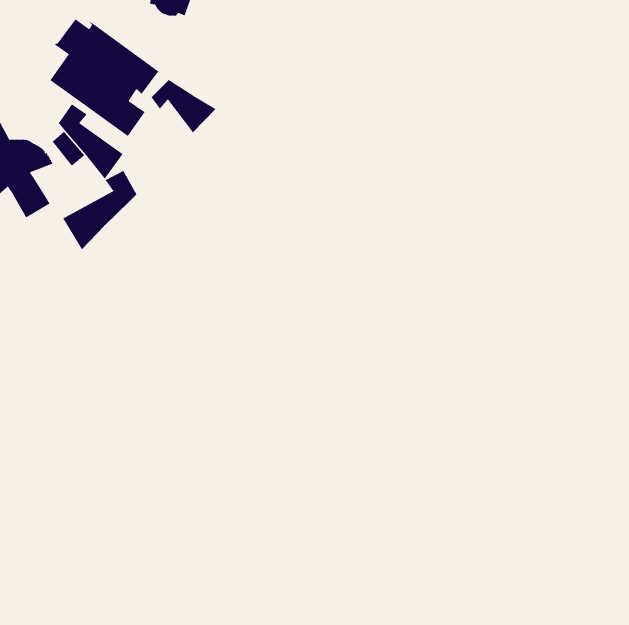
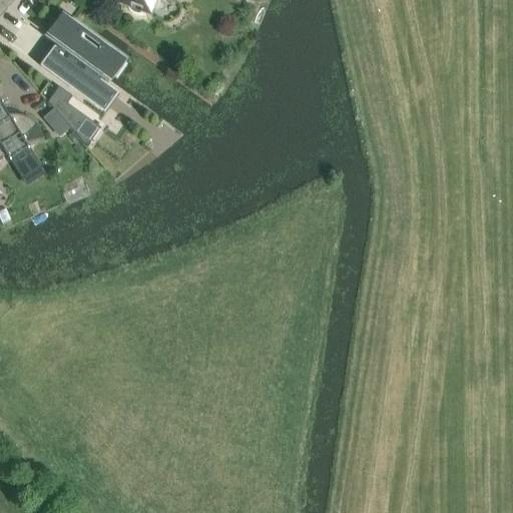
building: [151,79,217,133] -> none
building: [63,170,137,250] -> none

